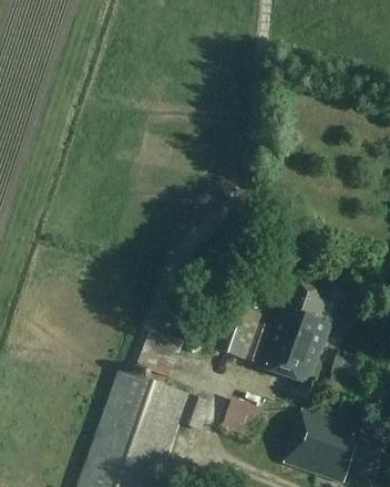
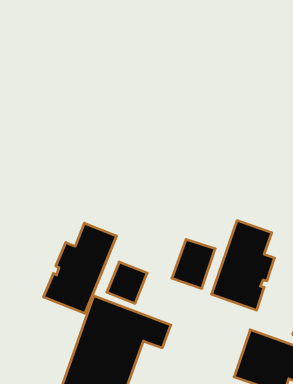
building: none -> [44,223,116,313]
building: [219,395,261,436] -> none

